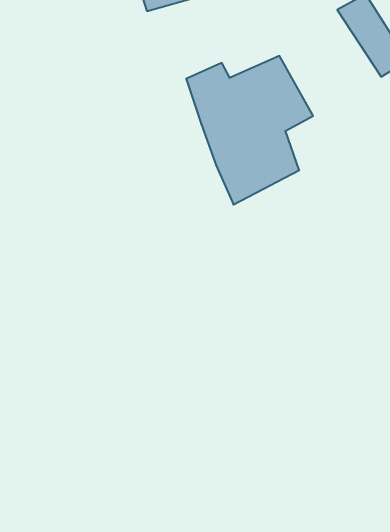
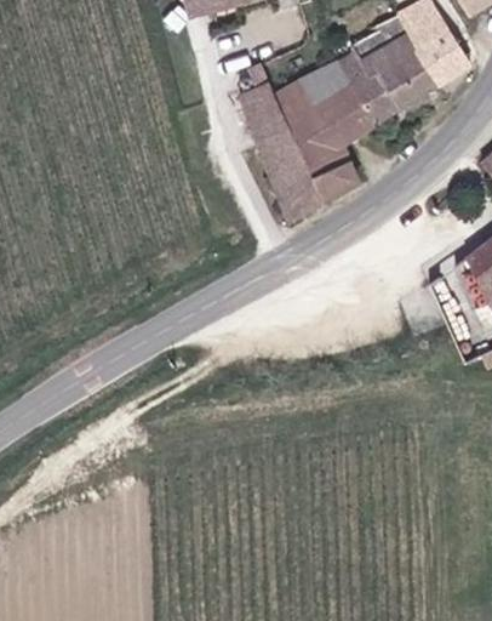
building: none -> [338,15,445,126]

